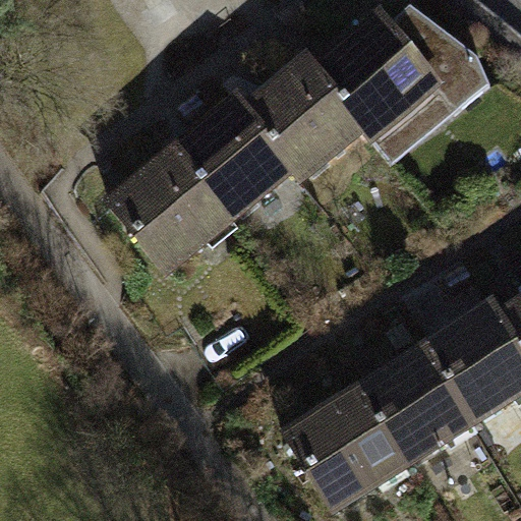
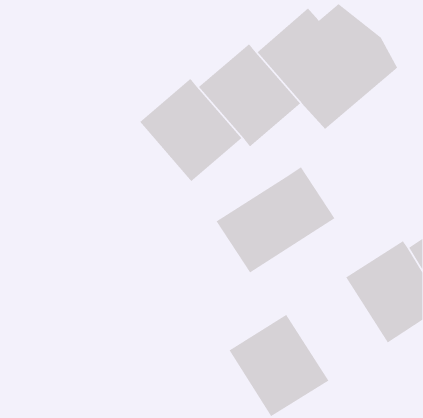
building: [109,150,235,278] -> none
building: none -> [216,166,335,274]
building: [352,341,476,468] -> none

